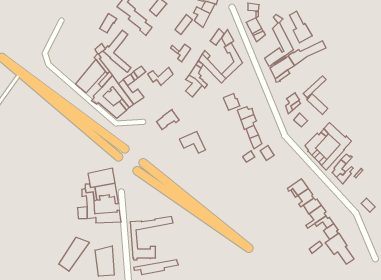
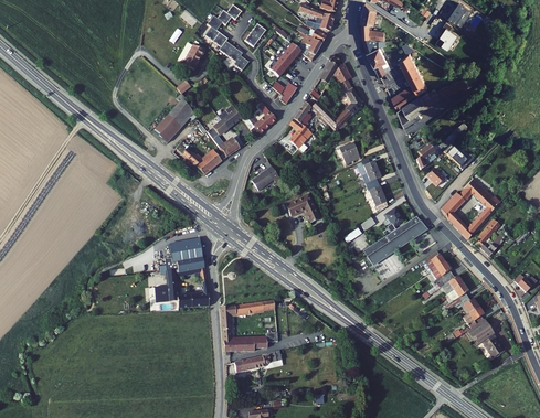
building: [289,11,312,43] -> none
building: [103,30,131,72] -> none
building: none -> [363,215,426,264]
building: [59,237,89,271] -> none
building: [95,246,114,276] -> none

